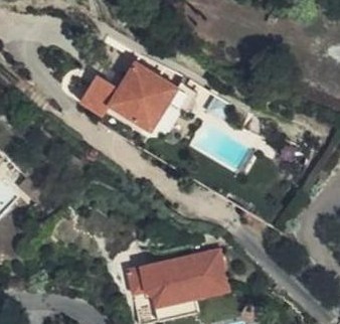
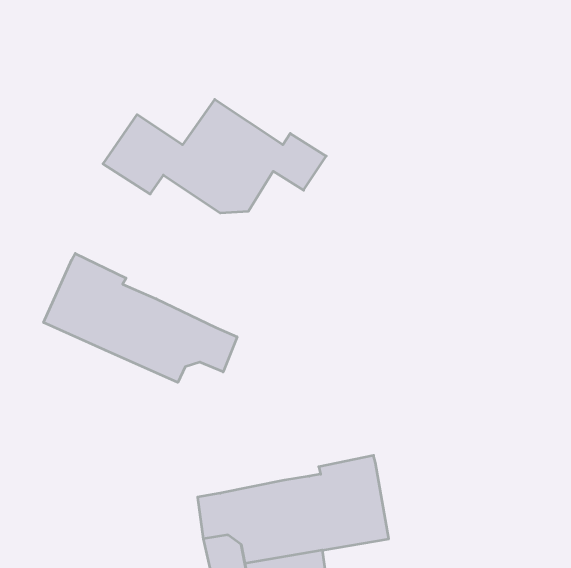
building: none -> [44,253,237,382]

